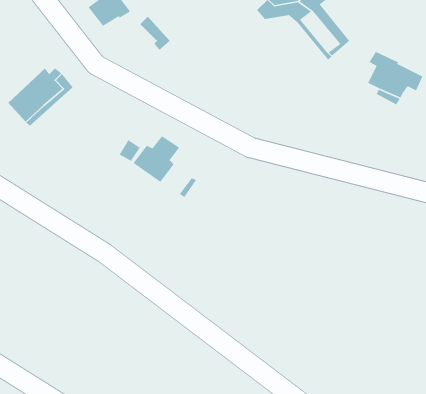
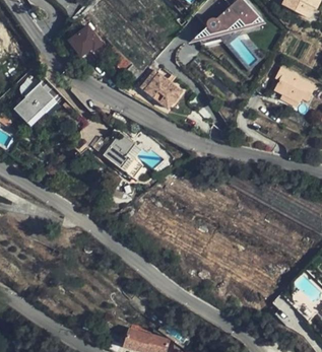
building: none -> [139,70,180,108]

